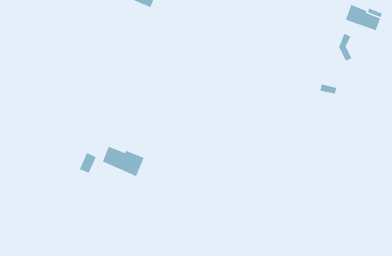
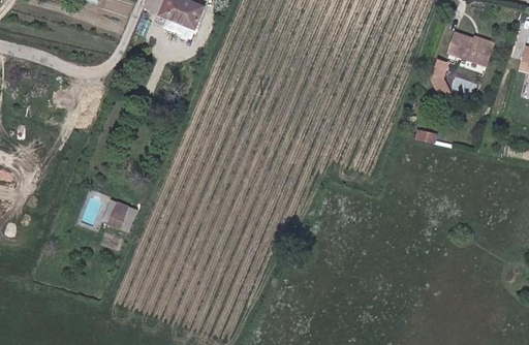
building: [102,146,145,177] -> none

